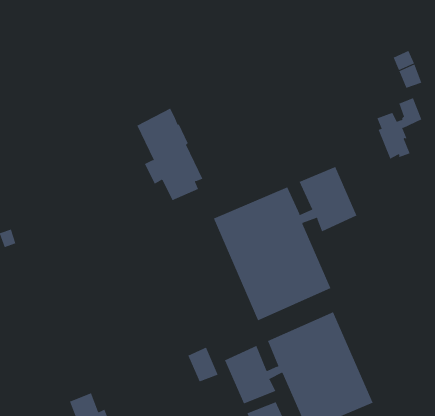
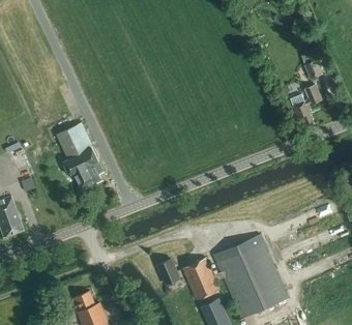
building: [137,108,203,201] -> [57,122,104,187]
building: [213,166,357,321] -> none

